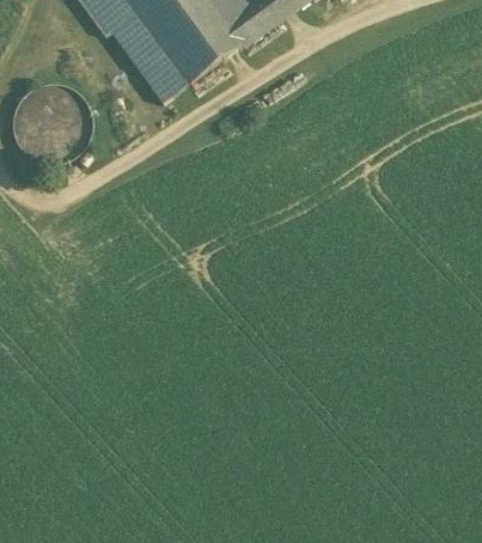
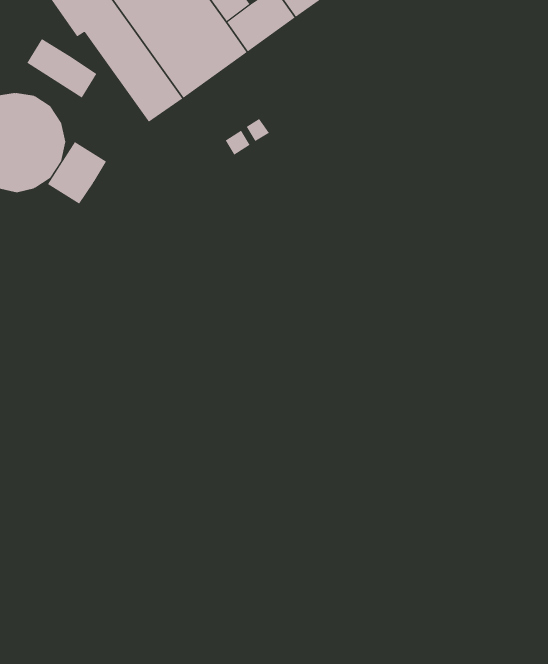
building: none -> [26,38,97,99]
building: none -> [47,141,107,204]

